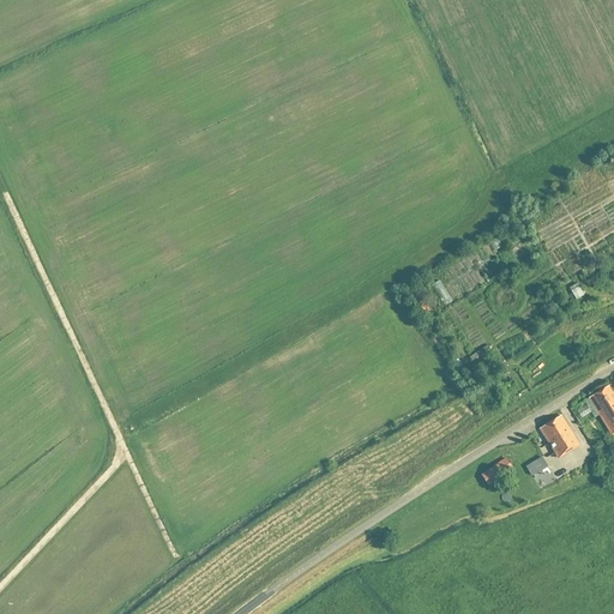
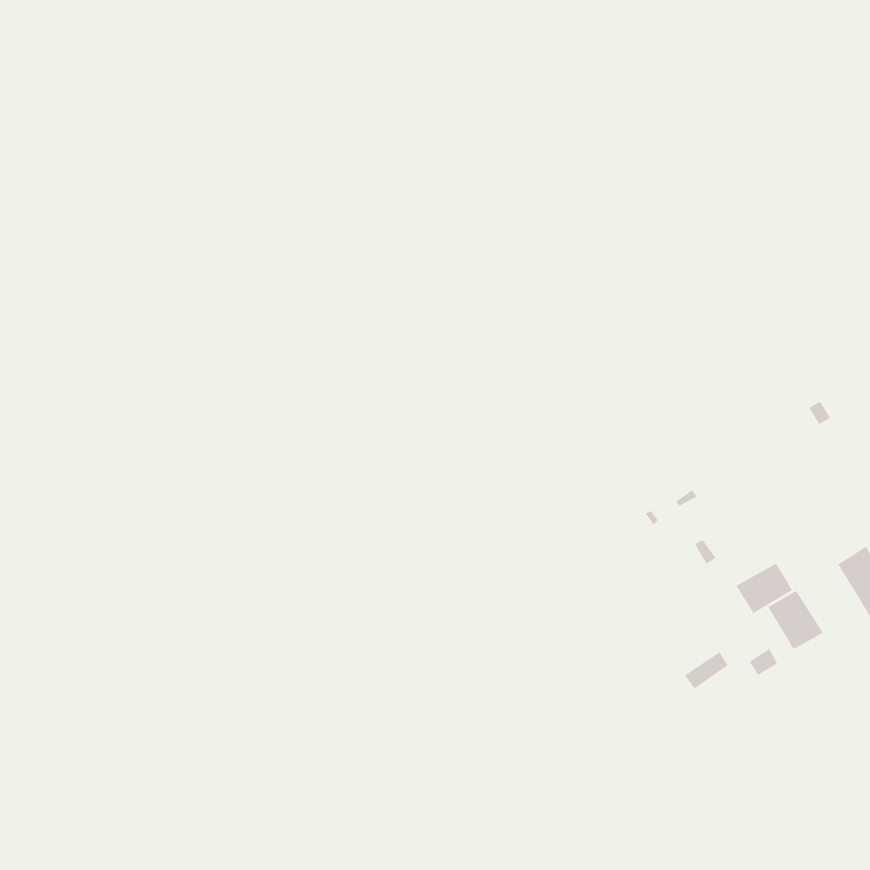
building: none -> [735,563,793,614]

